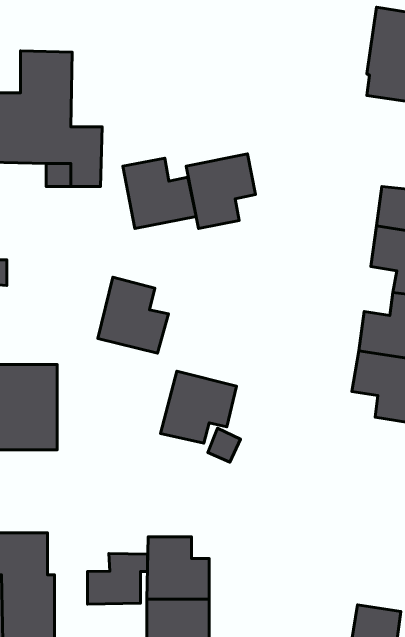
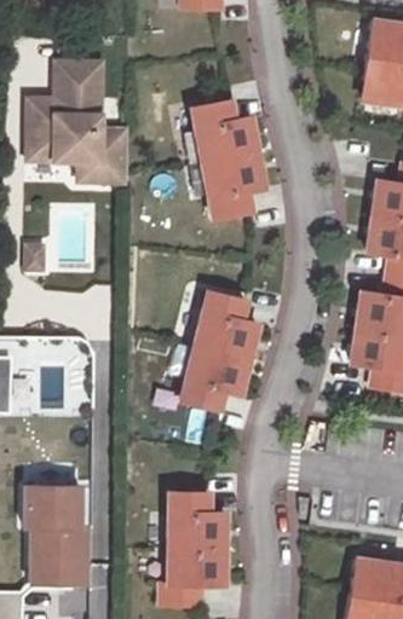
building: [123,158,196,229] -> [192,99,258,162]
building: [98,277,168,353] -> [195,290,258,358]
building: [87,554,148,604] -> none

